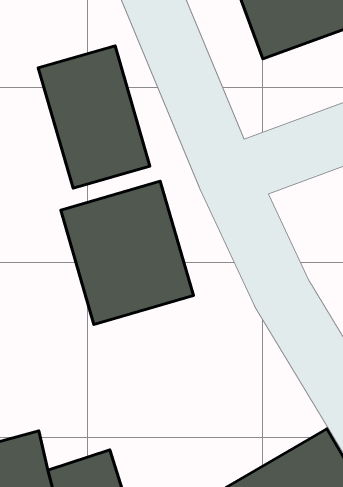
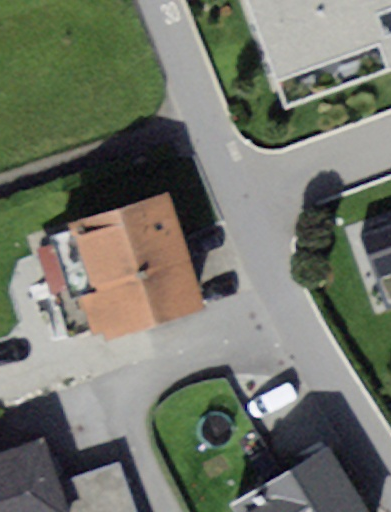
building: [38,46,150,188] -> none

